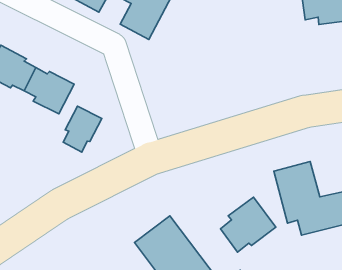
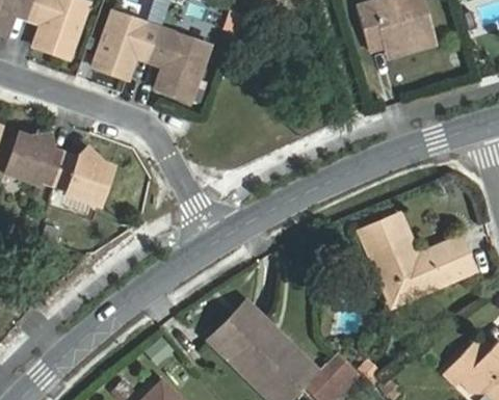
building: [63,106,102,152] -> none
building: [220,197,276,252] -> none

